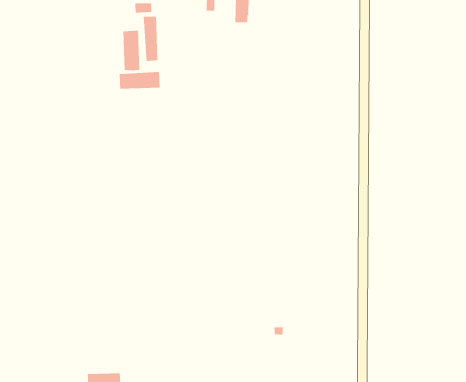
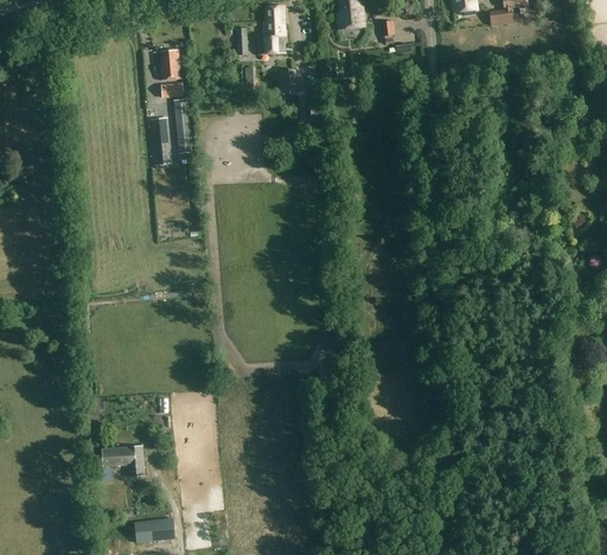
building: [119,71,160,90] -> none
building: none -> [92,446,145,480]

